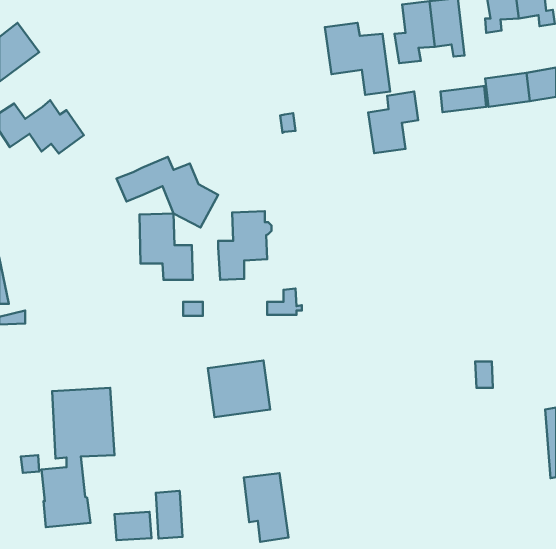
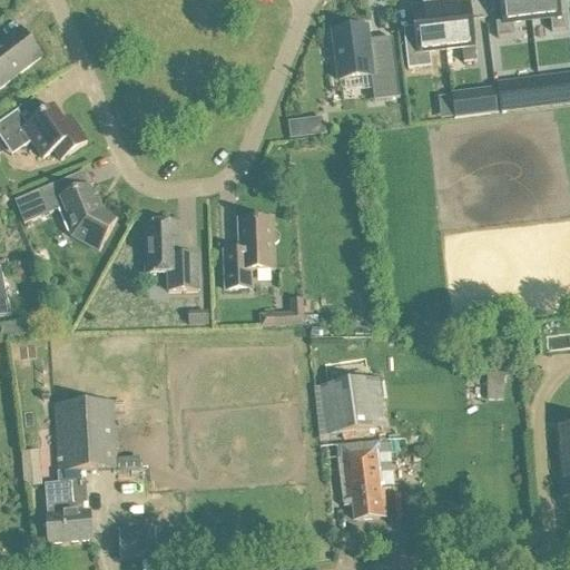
building: [368,91,418,153] -> none
building: [117,157,218,228] -> [12,175,116,247]
building: [208,361,270,417] -> [321,373,384,431]
building: [244,473,288,542] -> [340,446,385,517]
building: [156,491,182,539] -> none

